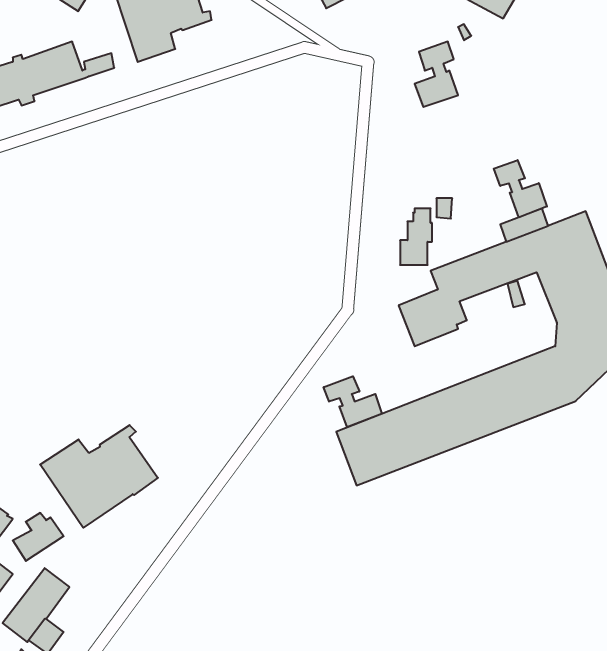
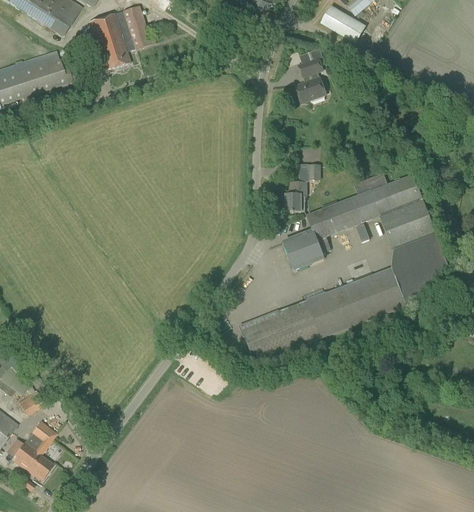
building: [494,160,547,217] -> none
building: [324,376,382,427] -> none
building: [40,425,158,528] -> none

